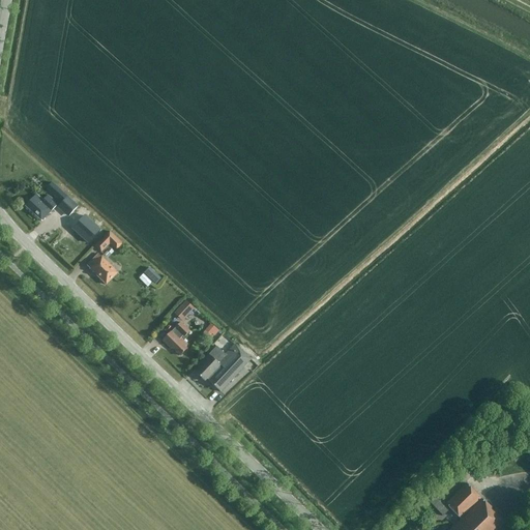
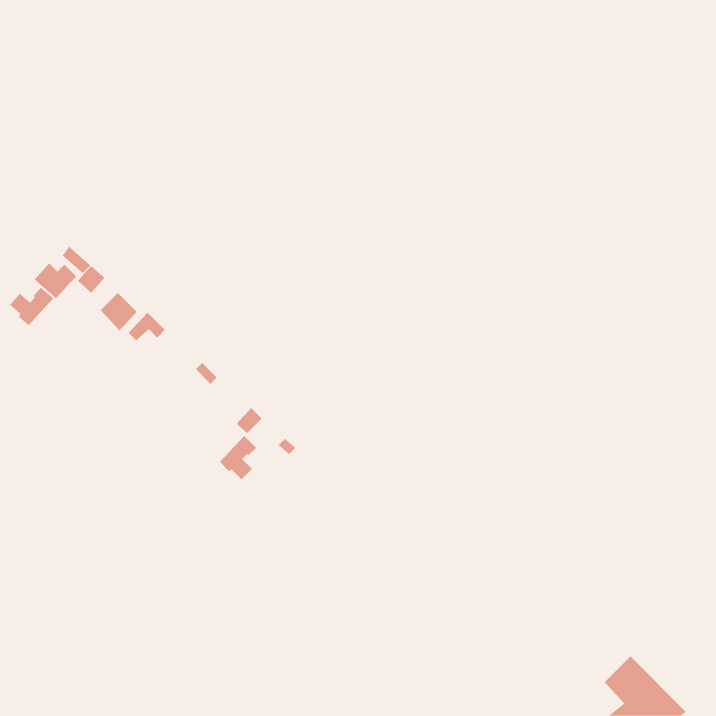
building: none -> [9,287,54,326]
building: [86,254,117,284] -> none
building: [195,344,248,391] -> none

